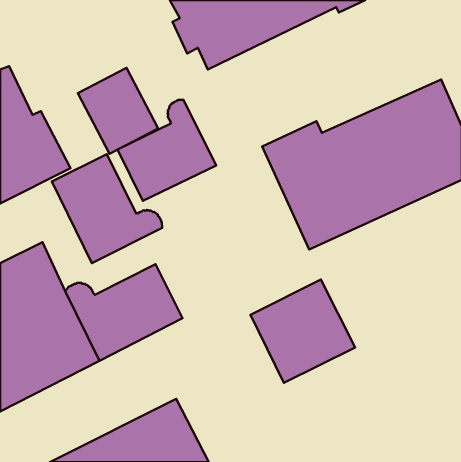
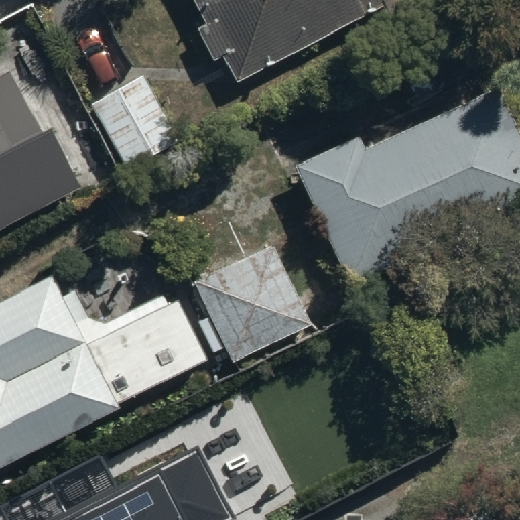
building: [117,100,216,201] -> none
building: [52,154,162,263] -> none
building: [250,280,355,383] -> [190,240,308,355]

